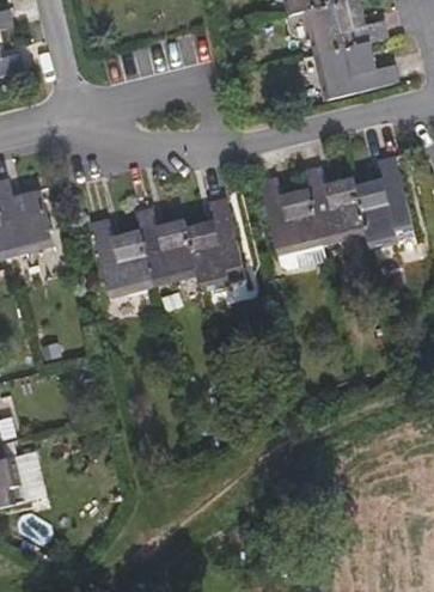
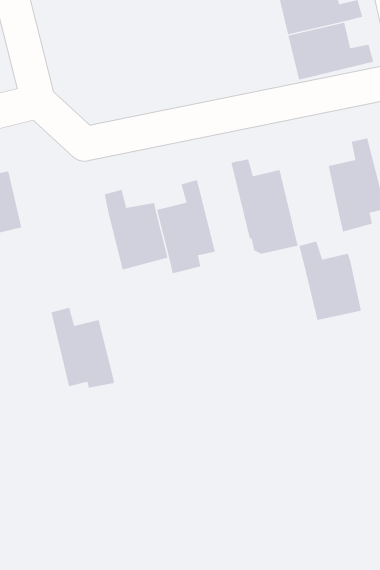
building: [302,164,365,243] -> [298,241,362,321]
building: [90,216,153,297] -> [50,307,115,389]

